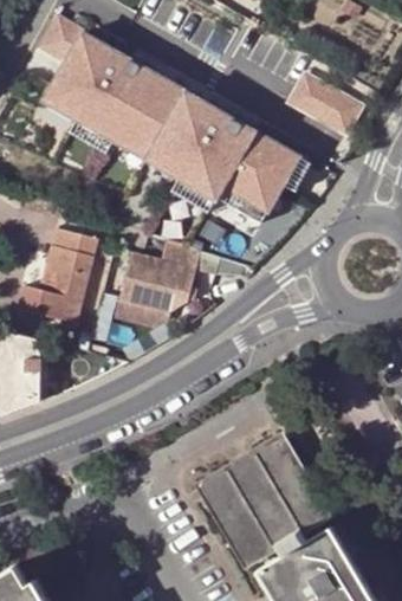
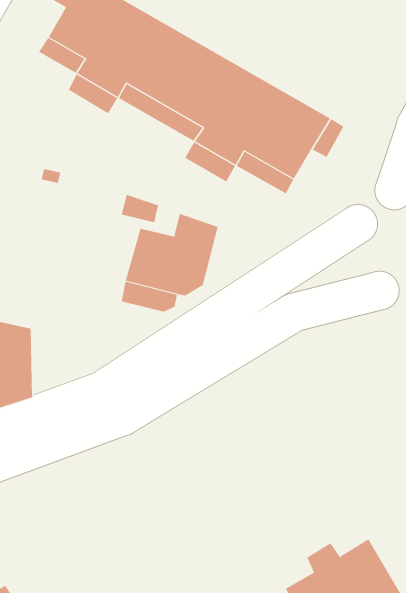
building: [287,73,359,134] -> none
building: [21,227,99,324] -> none
building: [205,439,326,558] -> none

